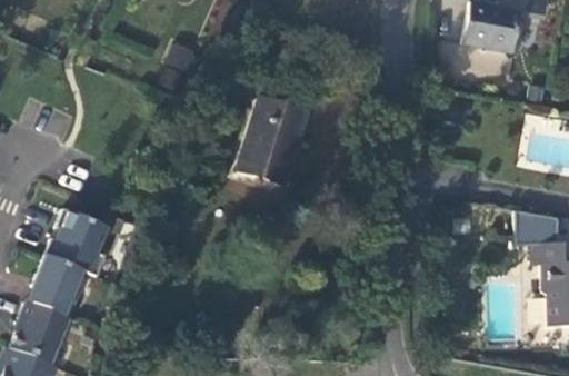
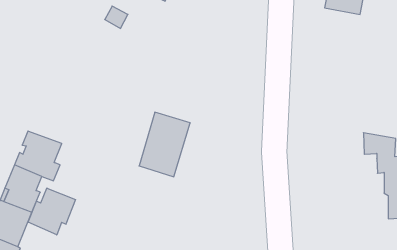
building: [238,97,307,184] -> [139,112,190,177]
building: none -> [28,188,76,235]

